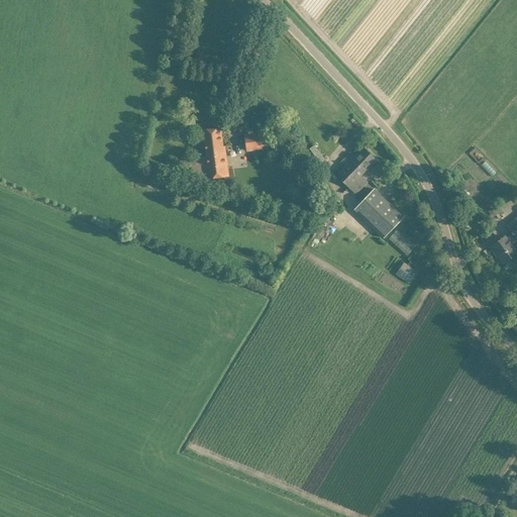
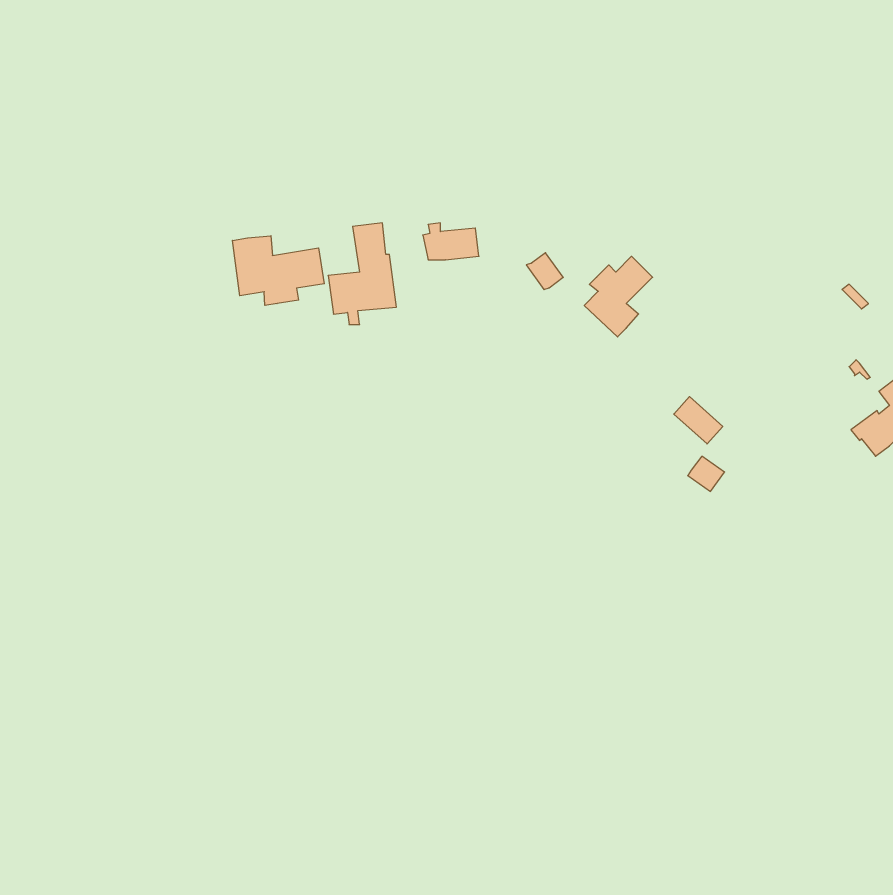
building: none -> [232,236,324,305]
building: [357,190,405,237] -> none

